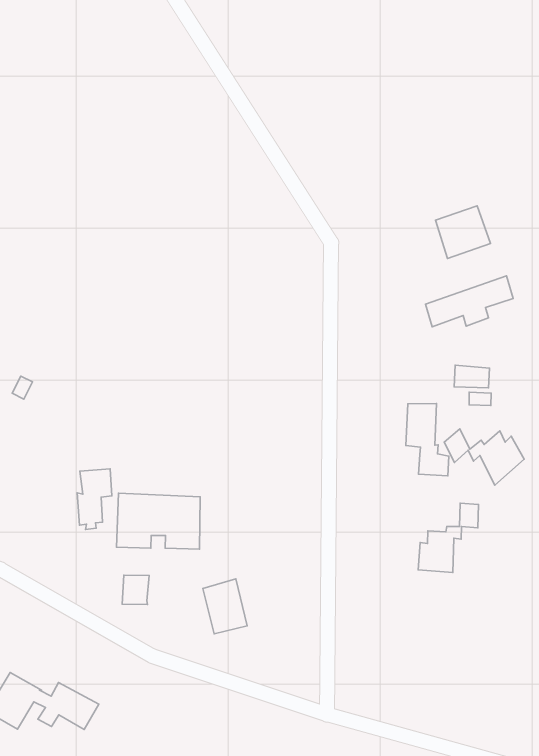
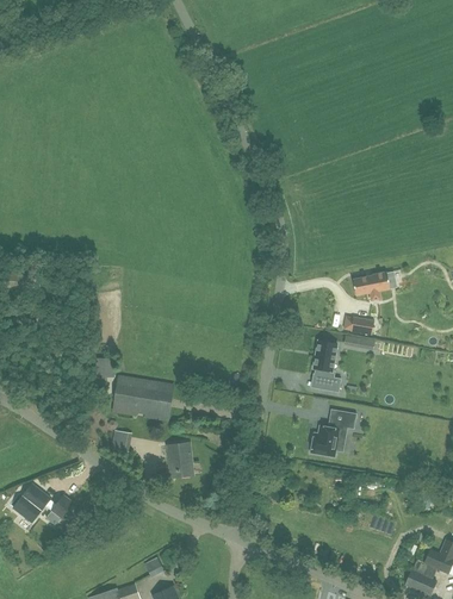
building: [435,206,491,259] -> none
building: [444,429,524,485] -> none

